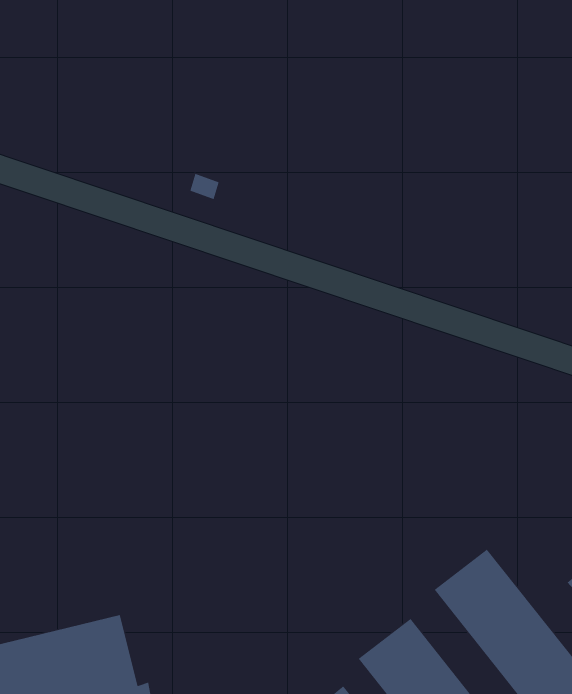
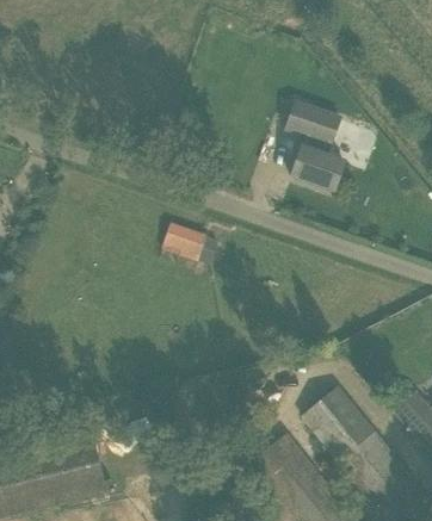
building: none -> [285,101,344,191]
building: none -> [161,223,216,262]

